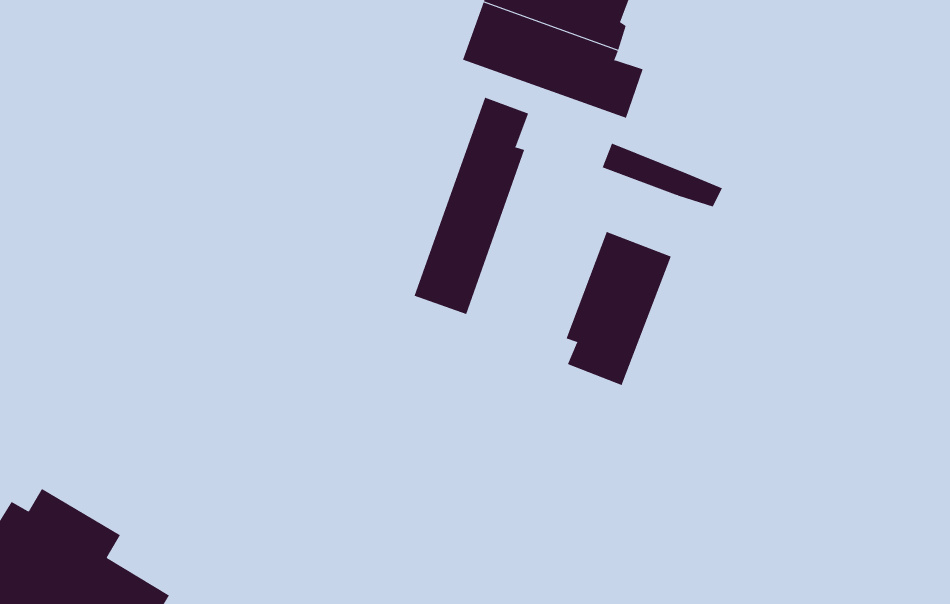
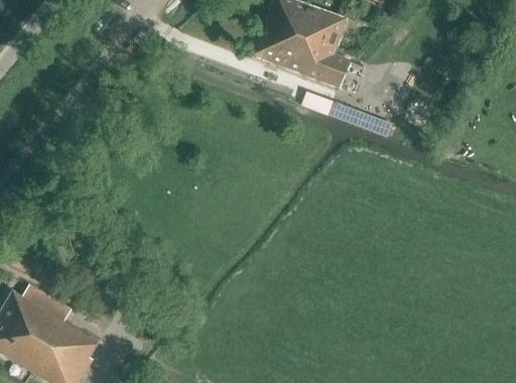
building: [414,97,529,315] -> none
building: [566,231,672,386] -> none

